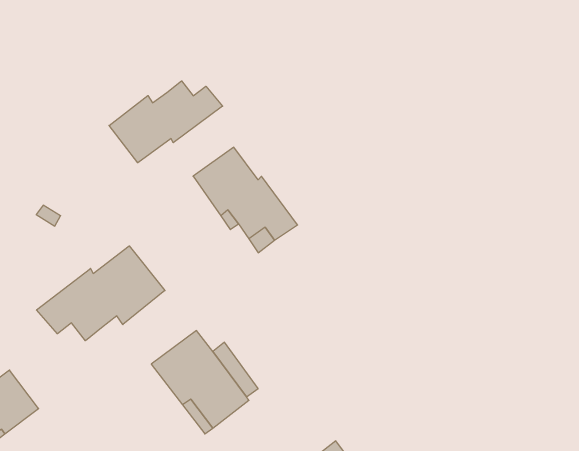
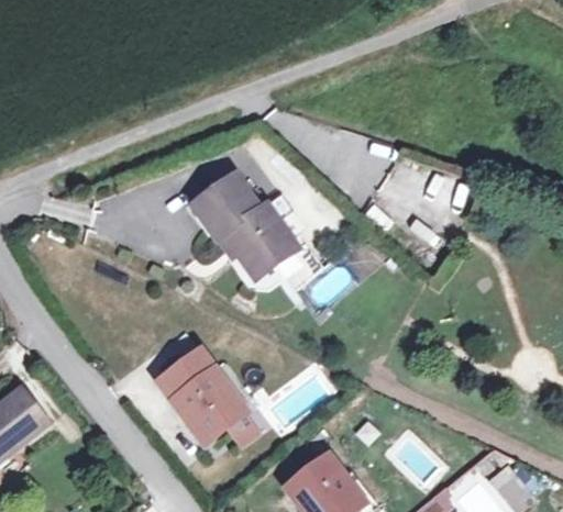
building: [109,81,223,163] -> none
building: [37,246,165,341] -> none

